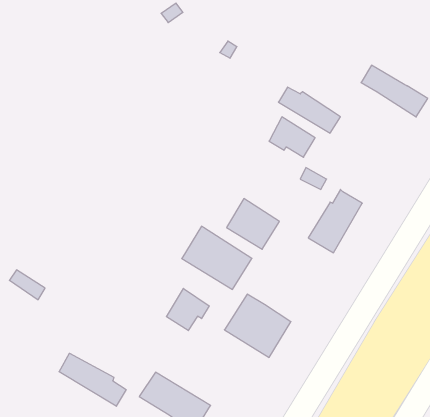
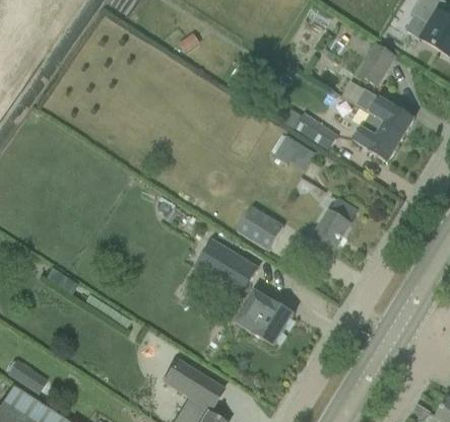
building: none -> [358,44,395,85]
building: none -> [352,112,404,162]
building: [166,288,209,331] -> none
building: [59,353,126,406] -> none

